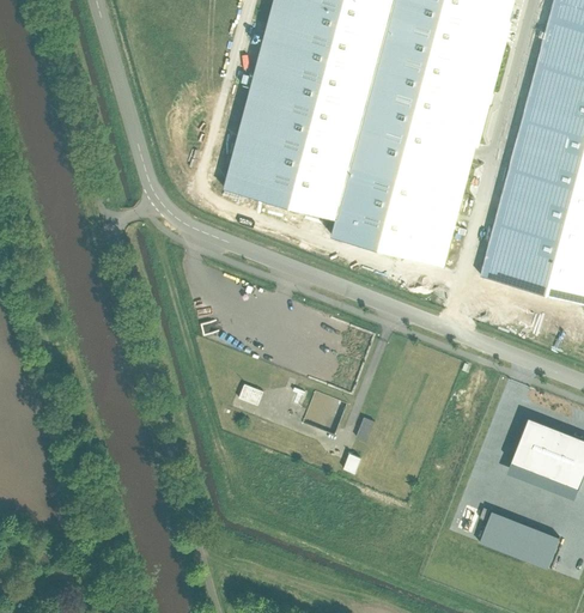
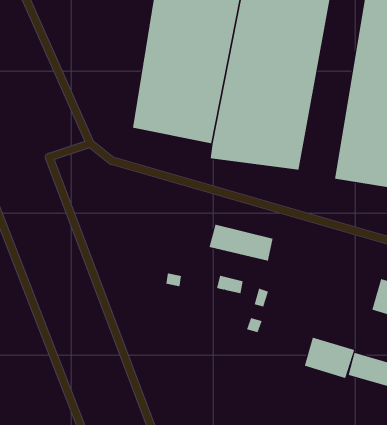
building: none -> [209,224,273,261]
building: none -> [304,337,355,379]

